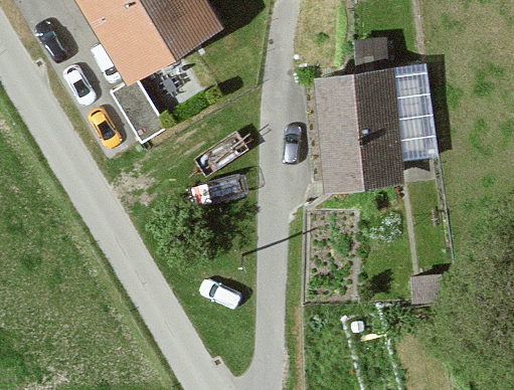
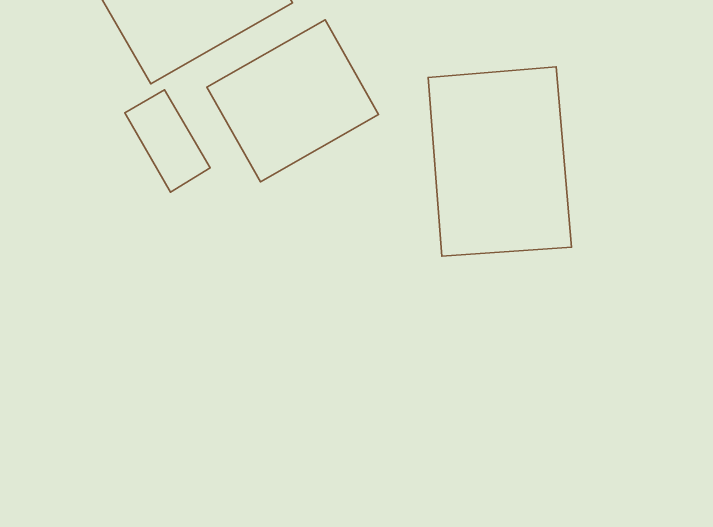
building: none -> [207,20,378,182]

